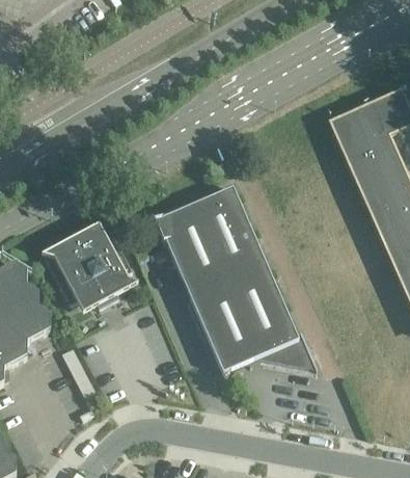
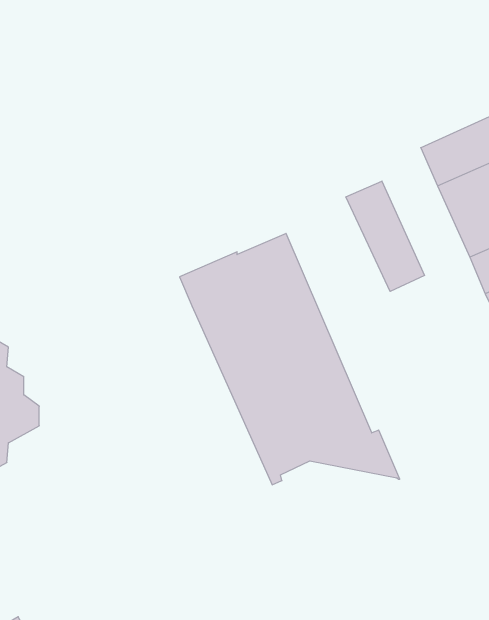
building: none -> [346,181,425,291]
building: [42,221,138,311] -> none

